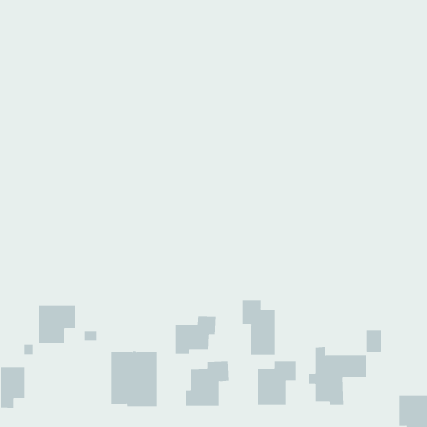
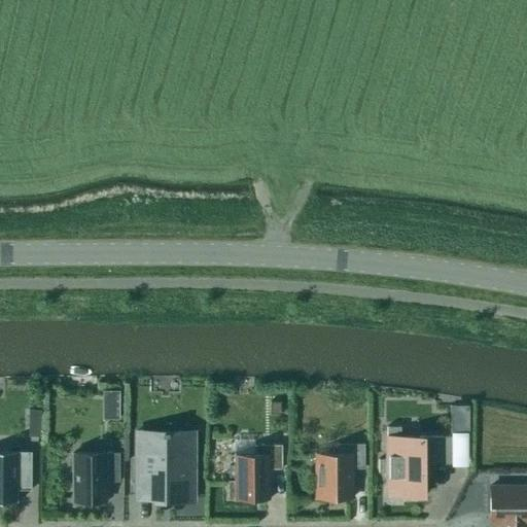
building: [242,299,275,356] -> none
building: [38,305,76,344] -> [74,454,120,501]
building: [175,315,216,354] -> none

